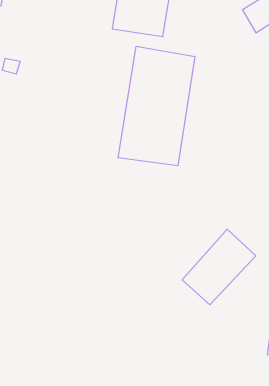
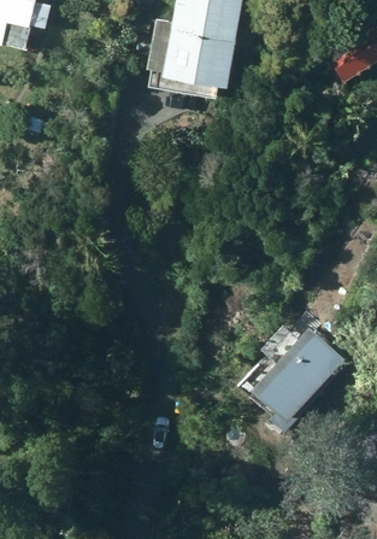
building: [118,46,195,166] -> none

